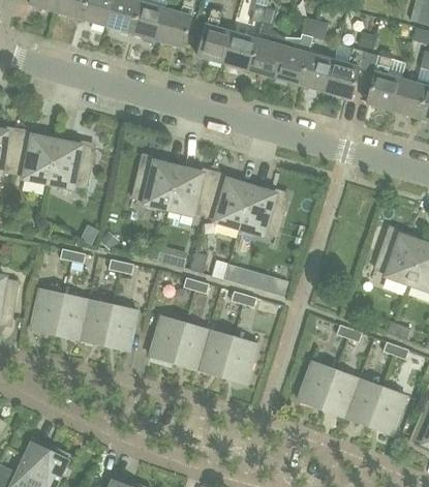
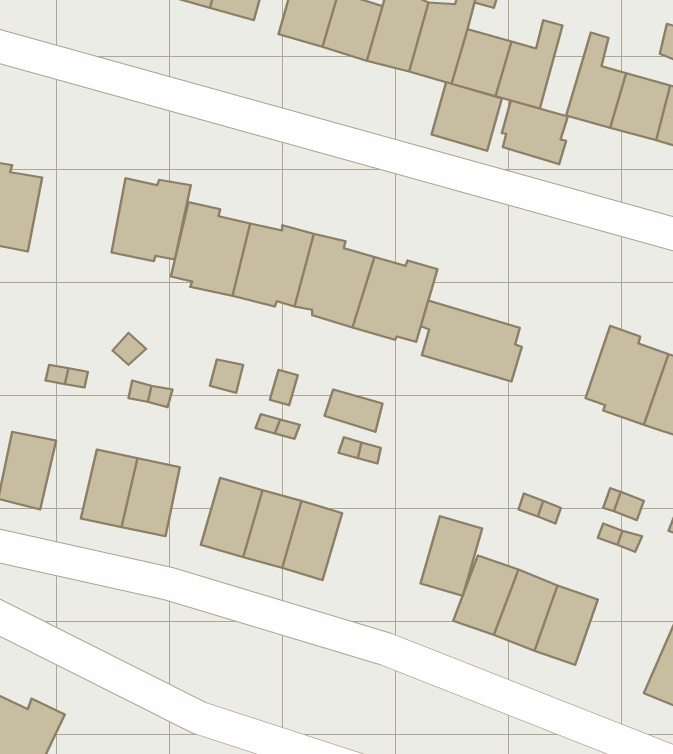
building: none -> [431,82,502,151]
building: none -> [502,100,568,164]
building: [49,140,95,188] -> [111,178,191,261]
building: none -> [421,300,522,381]
building: [56,294,89,339] -> none
building: [221,336,257,383] -> [420,516,482,596]
building: [369,387,406,434] -> none

